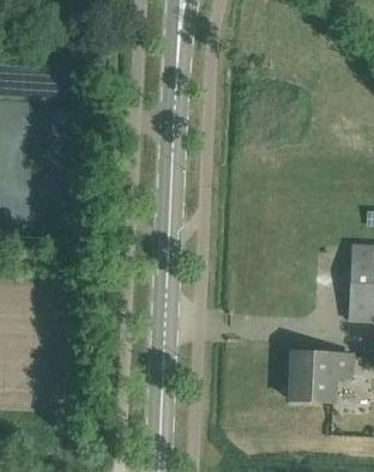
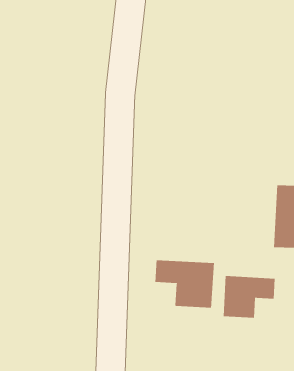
building: none -> [155,260,214,308]

